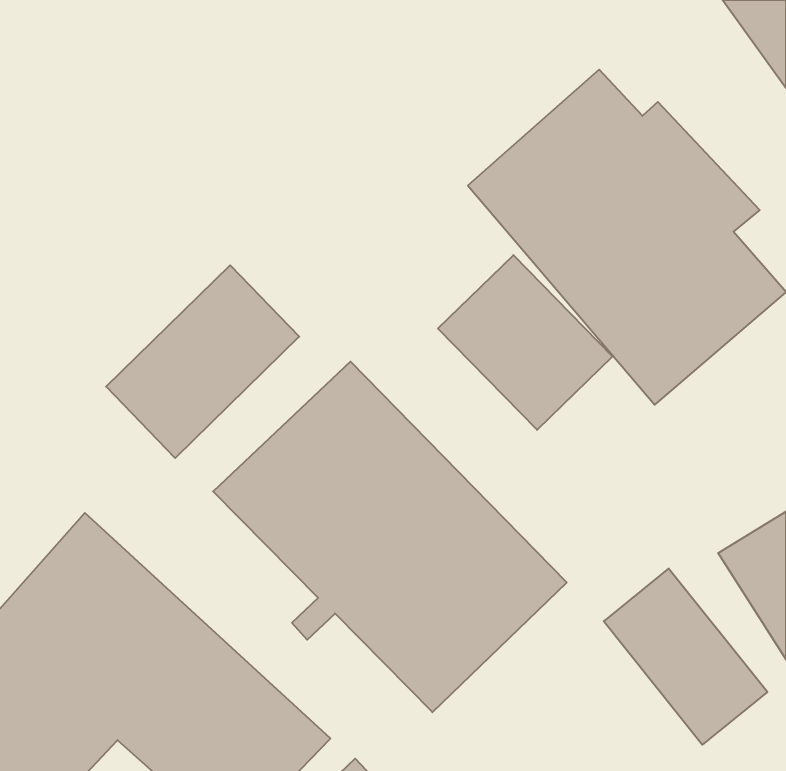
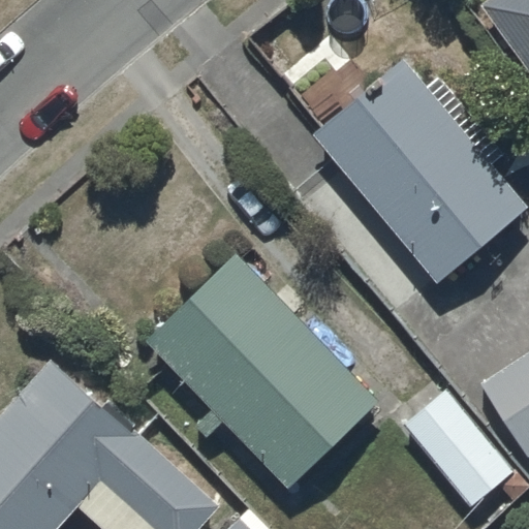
building: [438,255,613,430] -> none
building: [106,265,299,458] -> none

